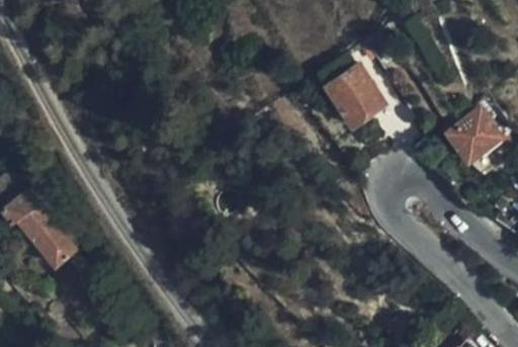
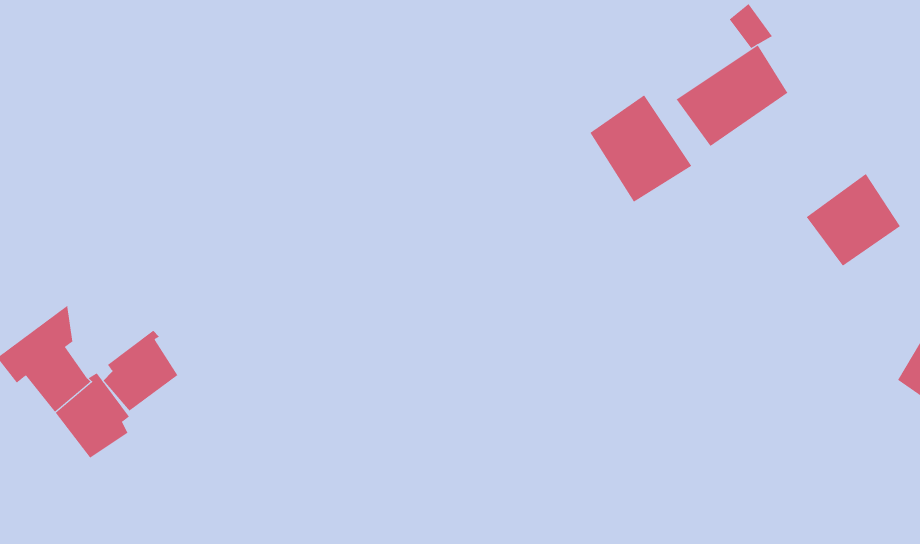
building: none -> [676,45,788,147]
building: none -> [103,330,178,411]

